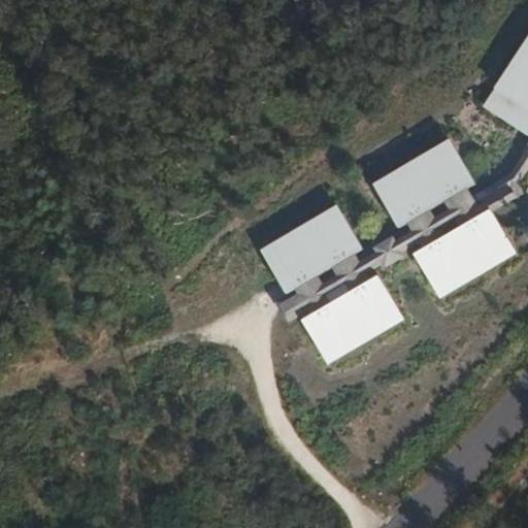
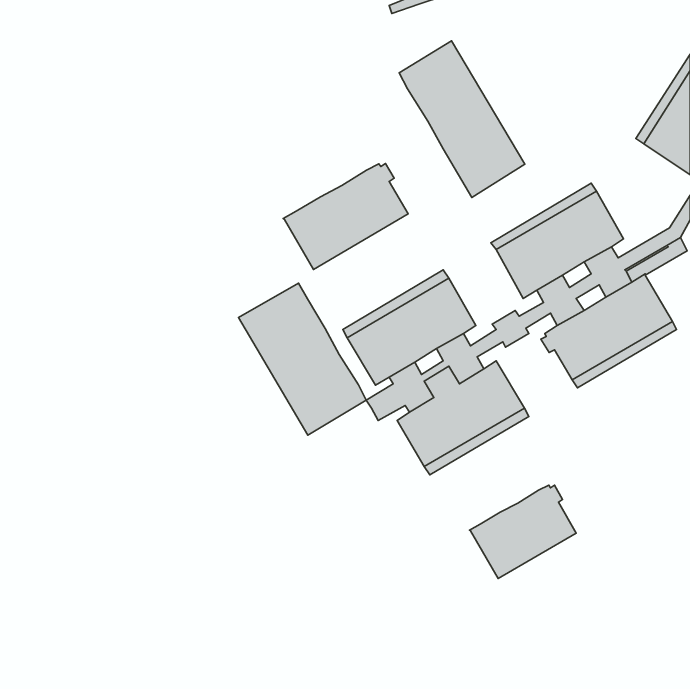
building: none -> [399,41,525,197]
building: none -> [283,163,408,270]
building: none -> [239,283,366,435]
building: none -> [470,485,576,579]

